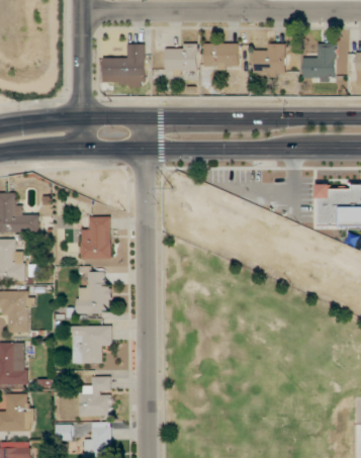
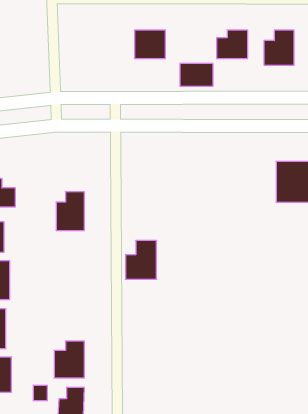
building: [203,43,239,68] -> [180,64,213,86]
building: [103,44,145,86] -> none
building: [77,273,110,314] -> [125,241,157,279]
building: [70,326,112,365] -> none

